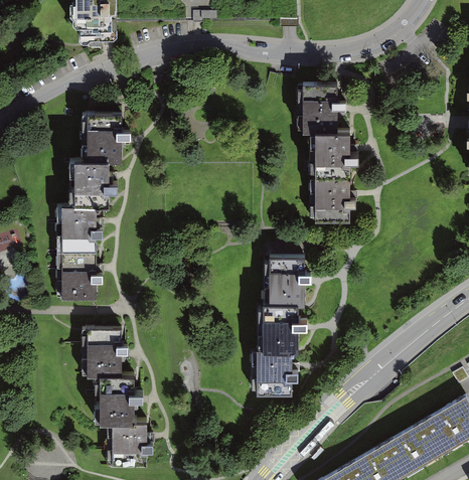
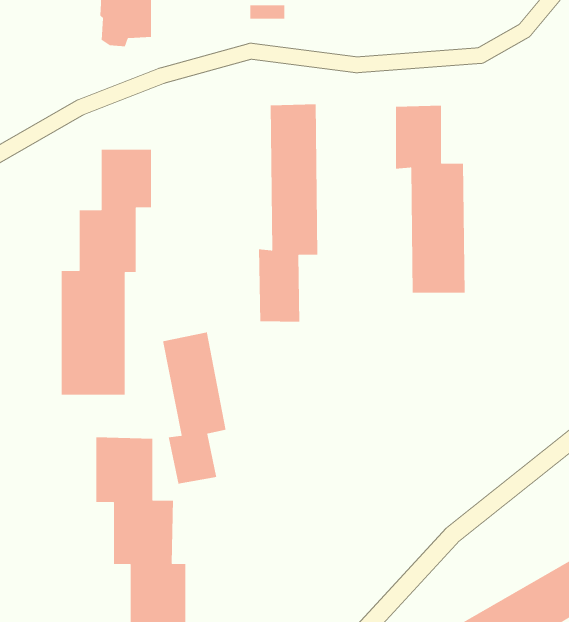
building: none -> [258,104,318,322]
building: none -> [162,331,227,485]
building: [252,259,306,391] -> none

